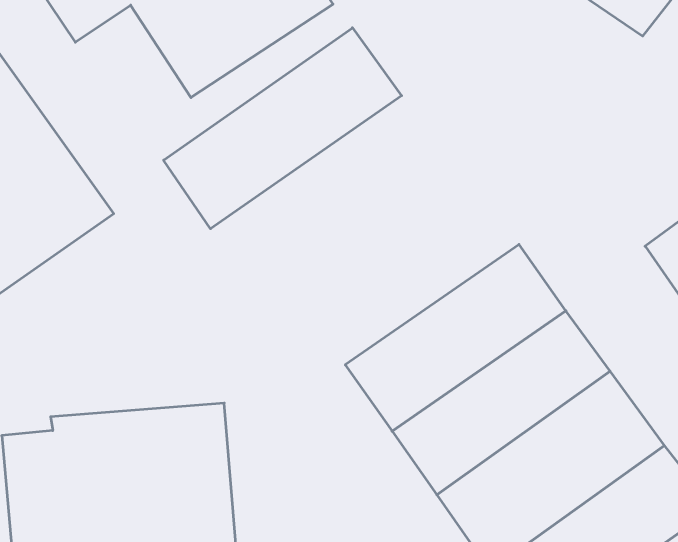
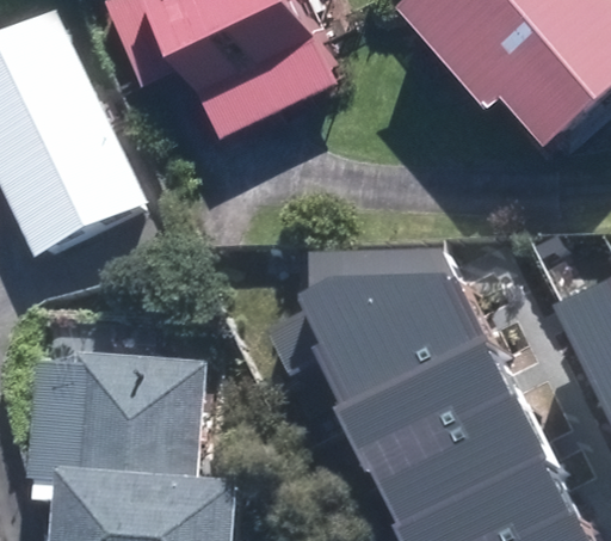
building: [164,28,402,229] -> none
building: none -> [261,242,455,367]

